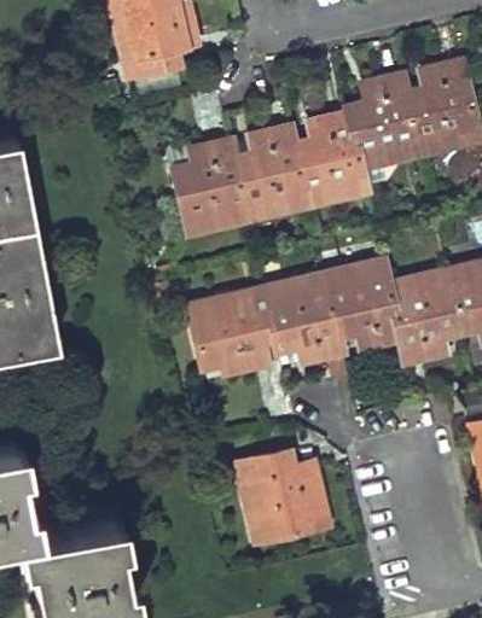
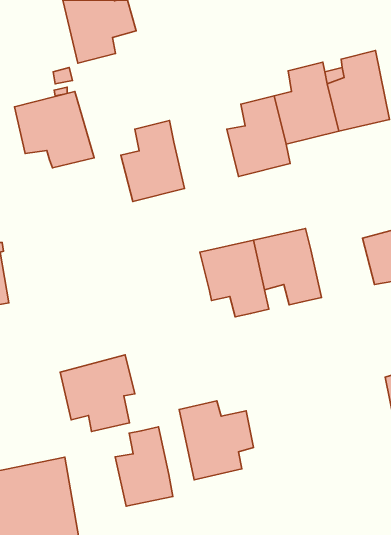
building: none -> [14,92,94,168]
building: [237,128,309,218] -> none
building: [390,274,461,363] -> none
building: [193,290,277,375] -> [60,355,135,432]
building: none -> [115,427,173,506]

